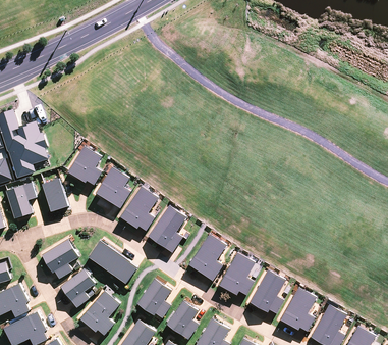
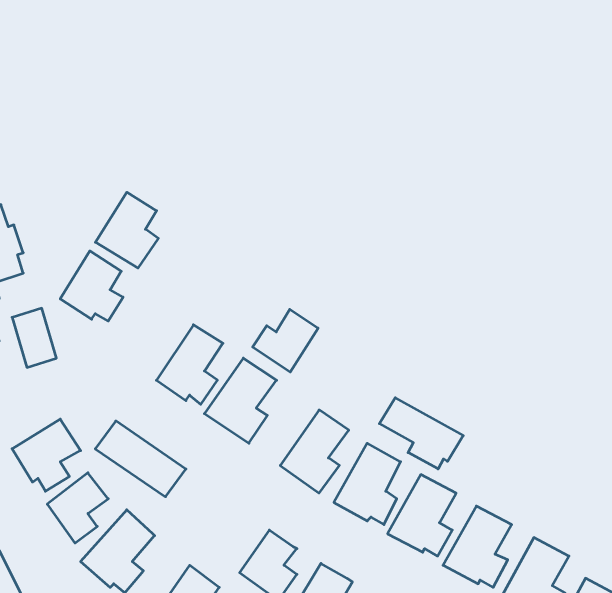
building: [96,165,130,207] -> [95,192,158,268]
building: none -> [253,309,318,372]
building: none -> [379,398,463,469]
building: [137,279,171,316] -> none

